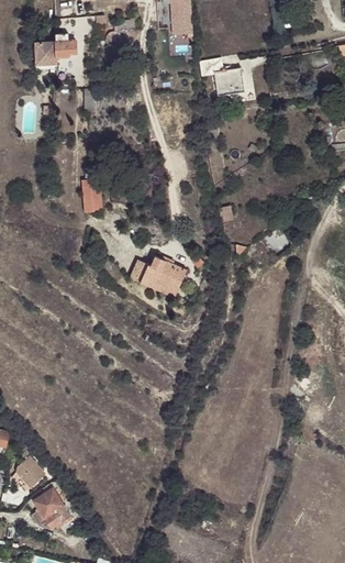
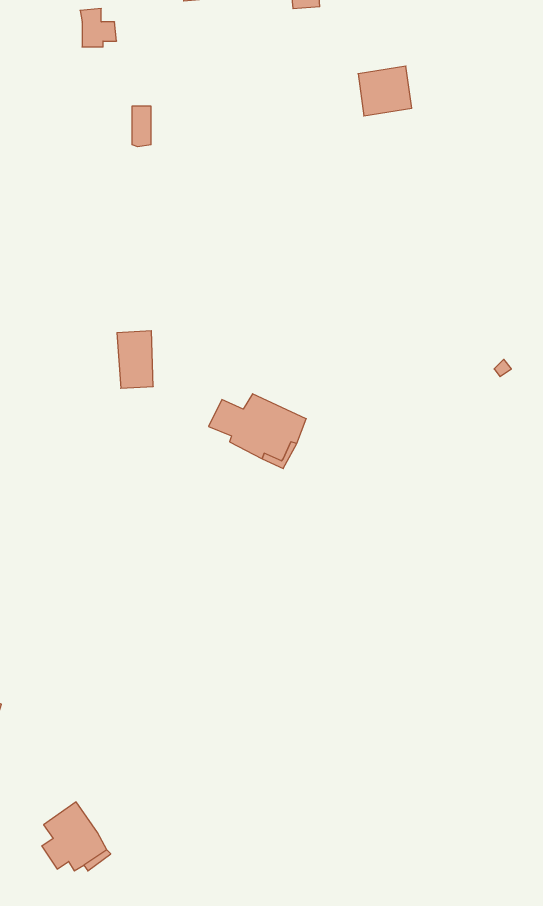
building: [36,42,58,70] -> none
building: [82,179,103,212] -> [117,331,153,388]
building: [16,459,47,490] -> none

